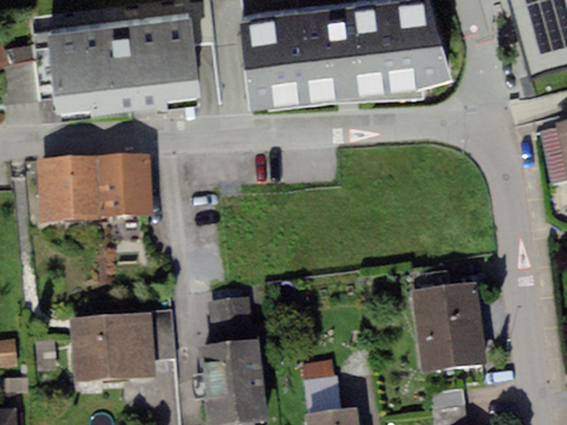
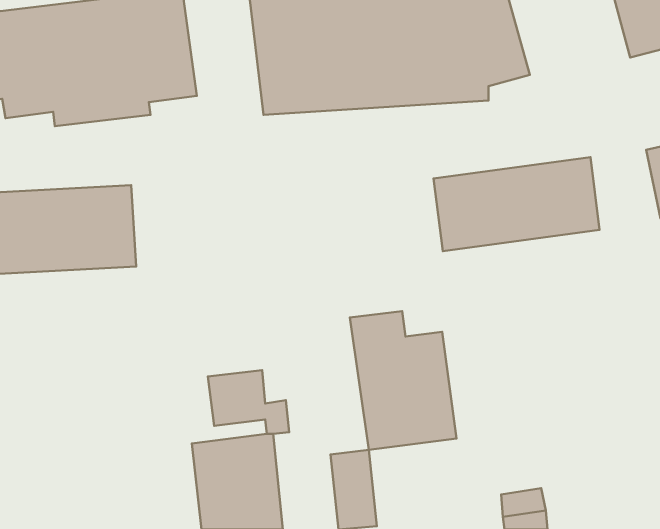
building: none -> [434,157,600,251]
building: [407,273,487,378] -> [350,311,457,450]
building: [71,310,176,388] -> none

